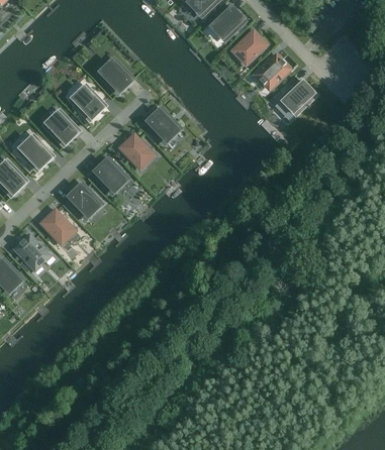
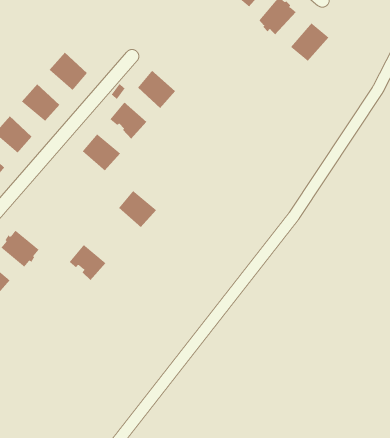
building: [100,60,133,93] -> none
building: [68,184,101,217] -> [118,190,157,228]
building: [41,209,74,241] -> [69,244,106,281]

